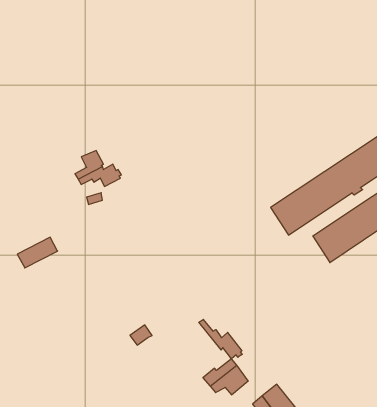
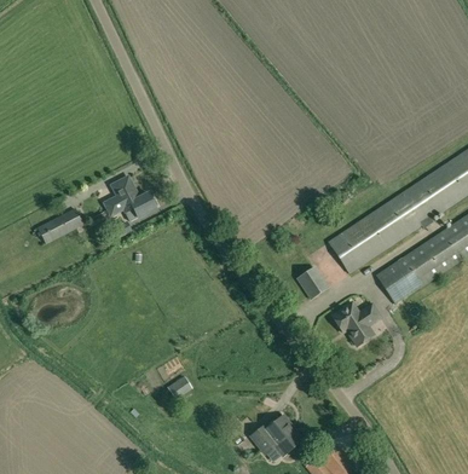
building: none -> [296,265,329,299]
building: [17,237,58,268] -> [37,207,83,242]
building: none -> [331,301,380,345]
building: [199,319,242,359] -> none

